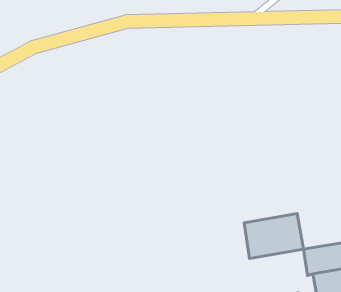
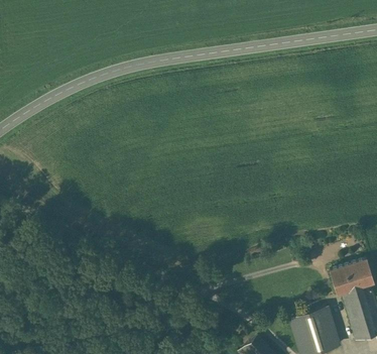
building: [244,214,304,259] -> none

